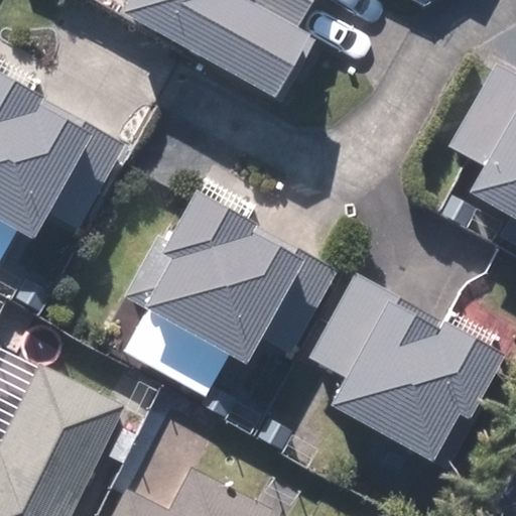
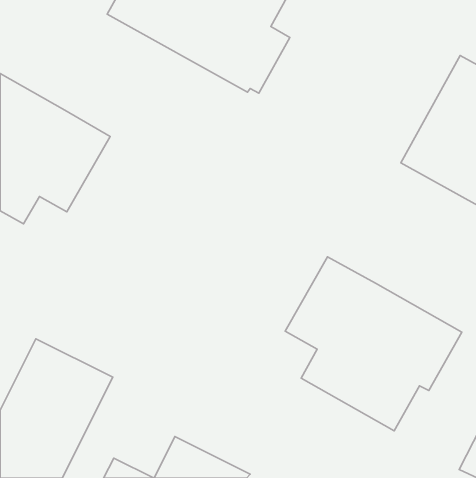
building: [126,192,336,364] -> none

